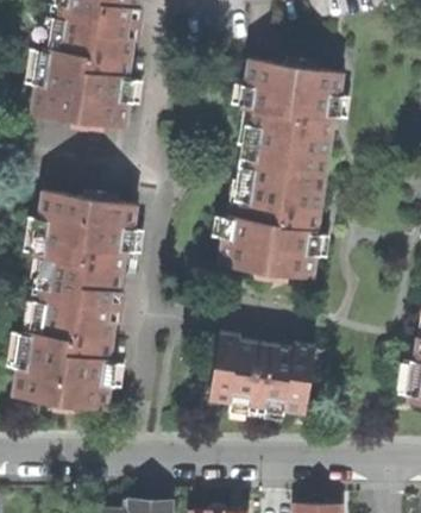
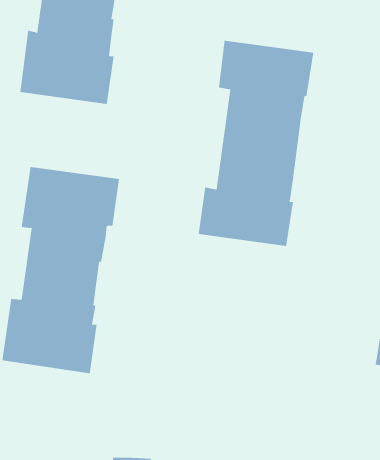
building: [209,340,314,414] -> none

